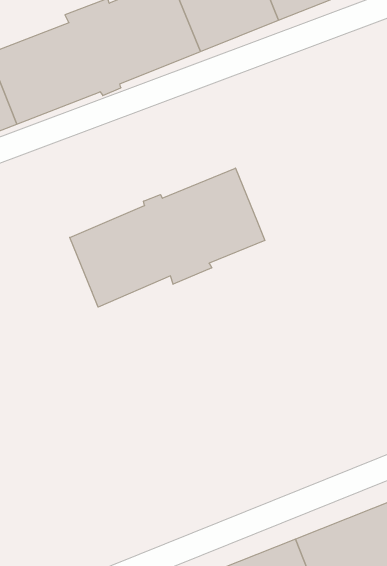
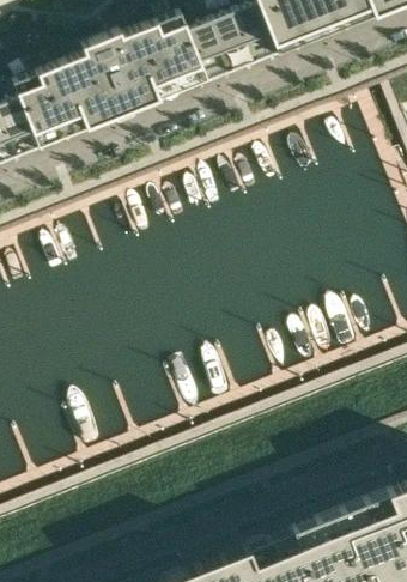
building: [70,168,265,307] -> none

